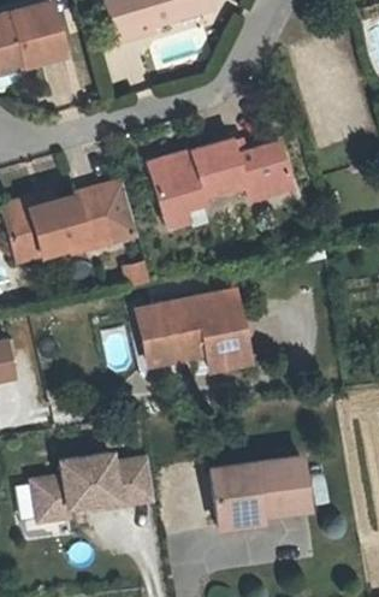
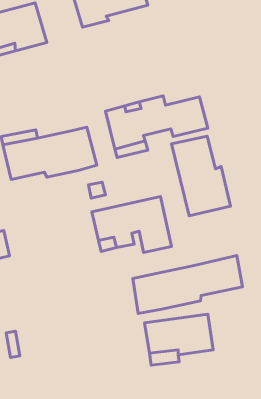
building: none -> [171,136,230,216]
building: none -> [133,255,242,313]
building: [30,443,156,522] -> none

